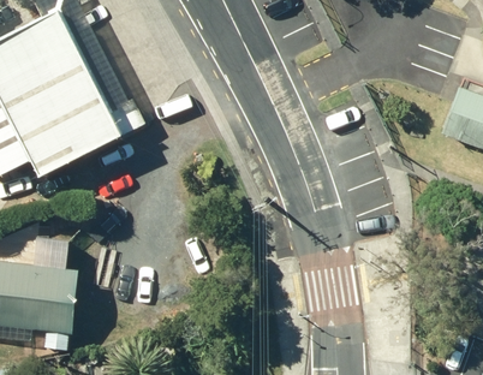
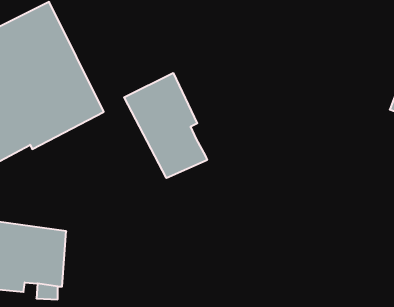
building: none -> [124,73,207,178]

